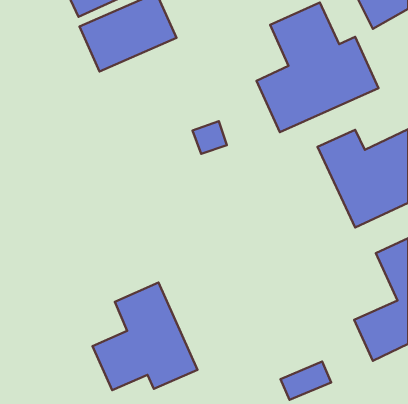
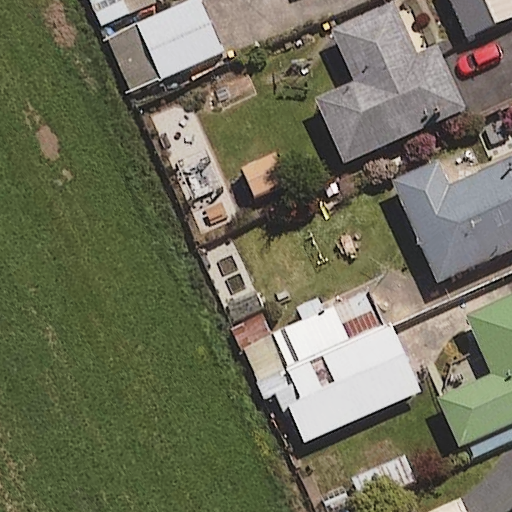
building: none -> [238,286,418,440]
building: [93,283,197,390] -> none

